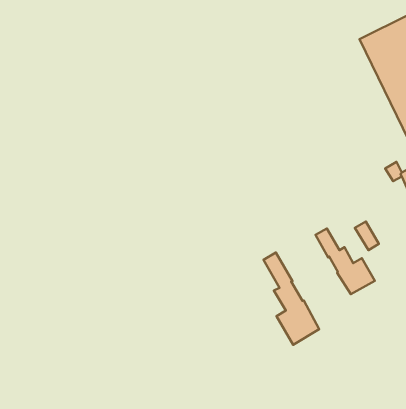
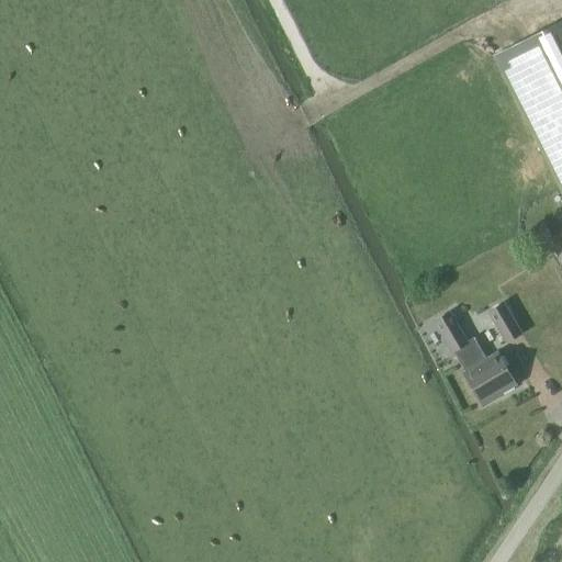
building: [264,253,319,345] -> none

